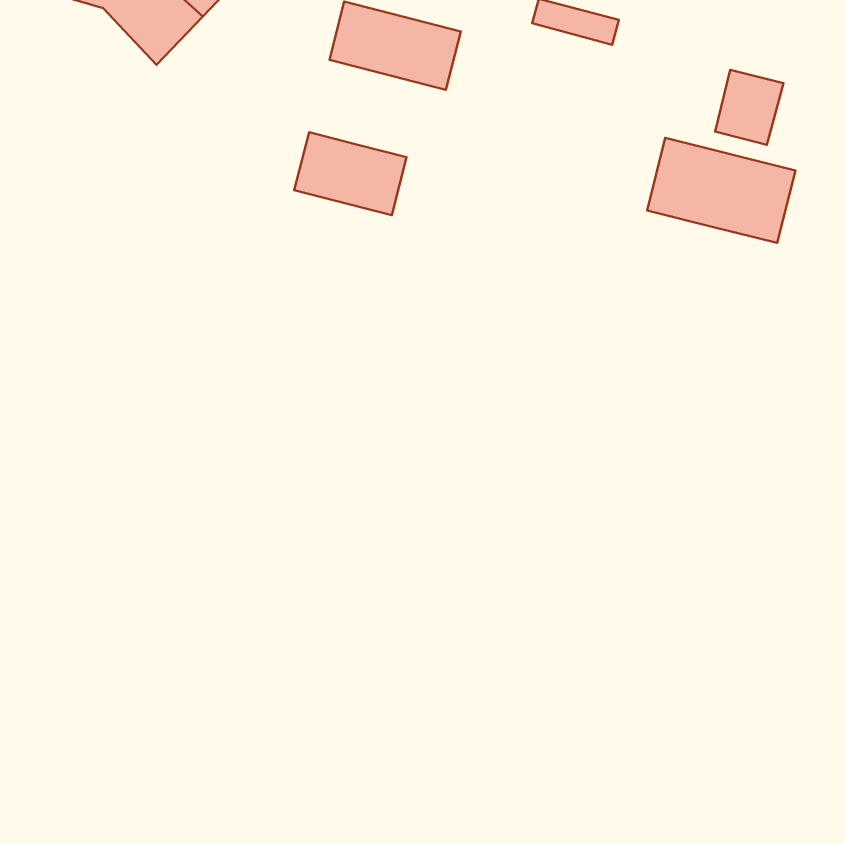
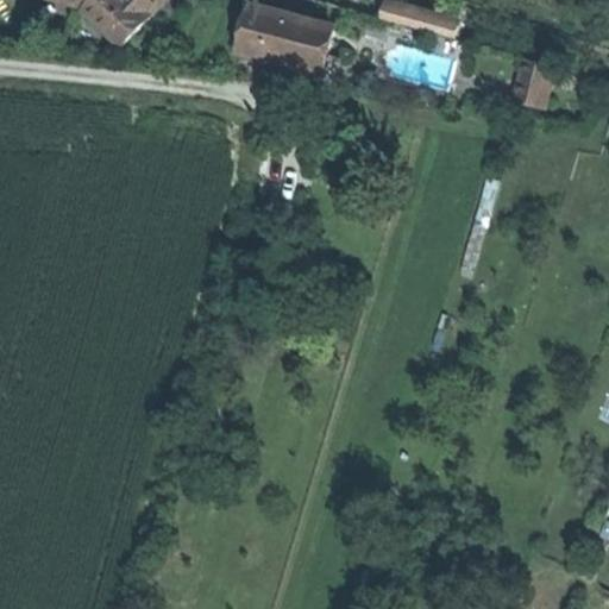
building: [294,132,407,215] -> none
building: [647,138,795,243] -> none

